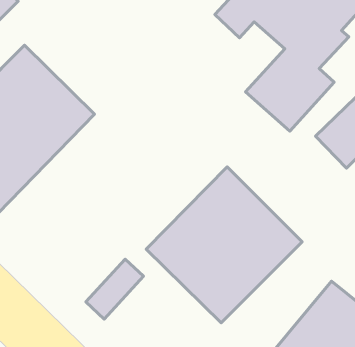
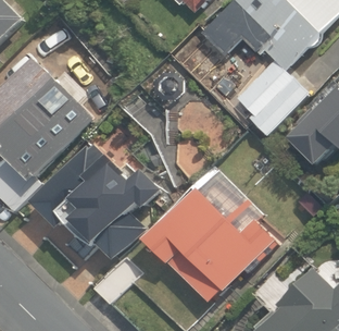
building: none -> [26,143,155,260]

